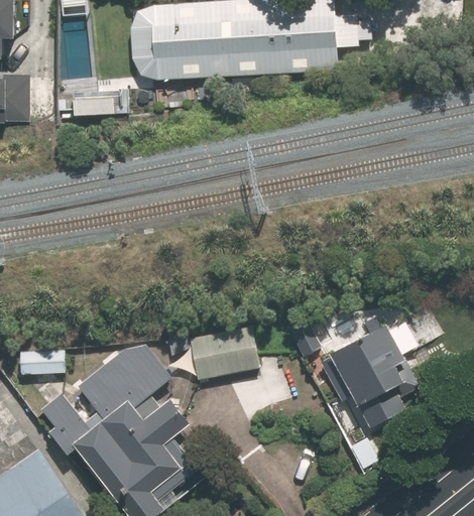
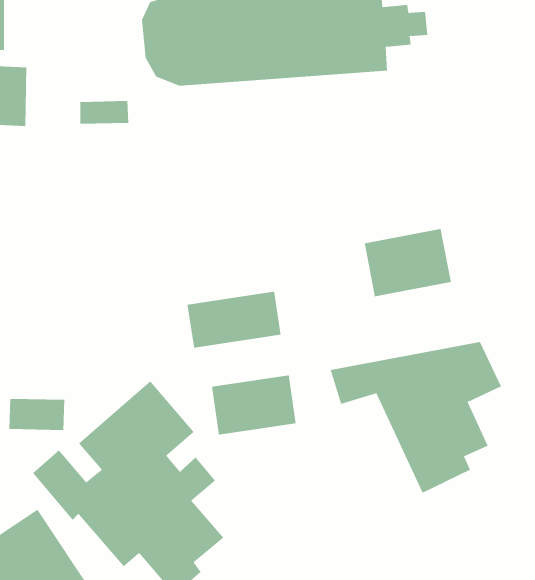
building: none -> [364,228,451,297]
building: none -> [187,291,281,348]

